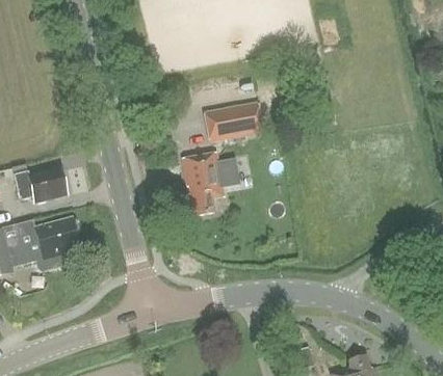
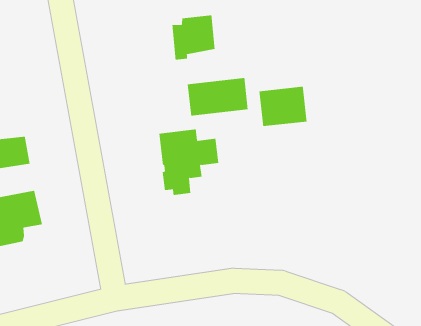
building: none -> [172,15,215,60]
building: none -> [259,86,307,127]

